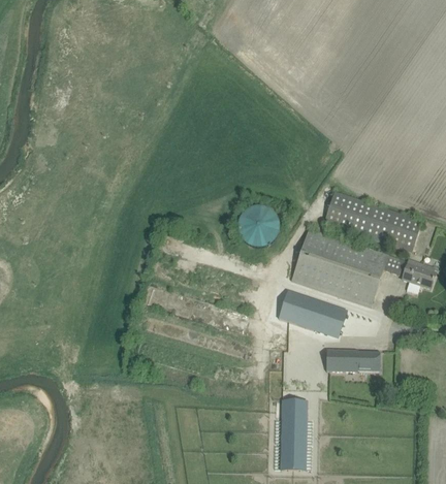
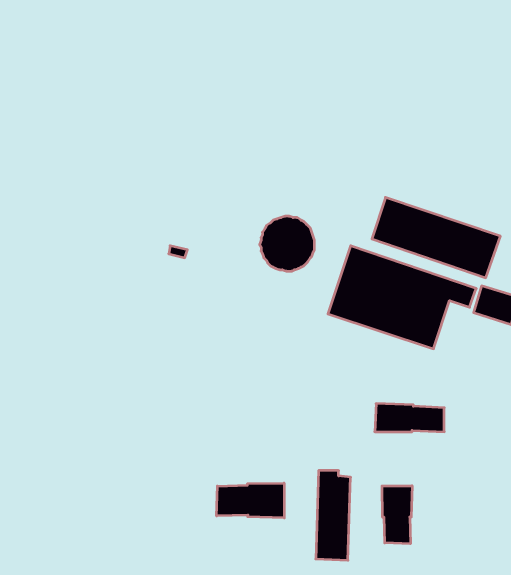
building: [279,290,348,333] -> none
building: none -> [217,483,284,518]
building: none -> [382,486,412,544]

